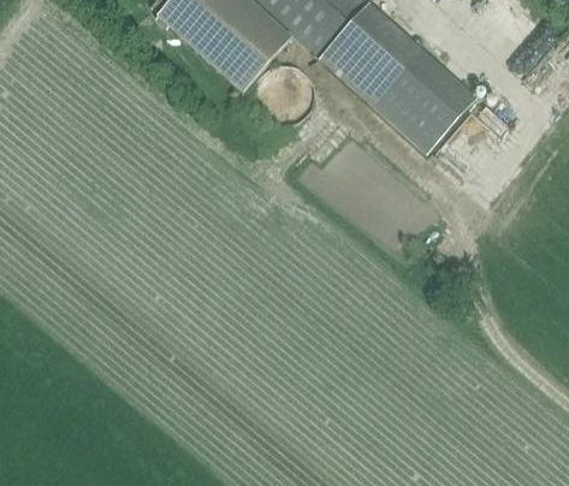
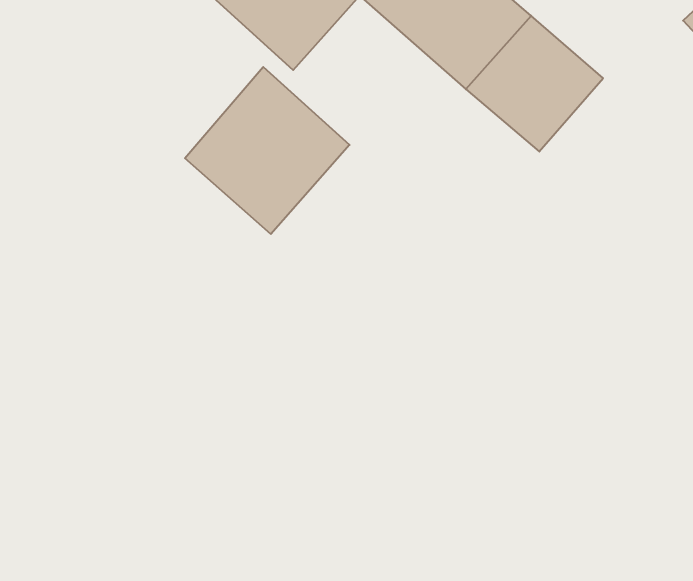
building: none -> [185,67,350,234]

